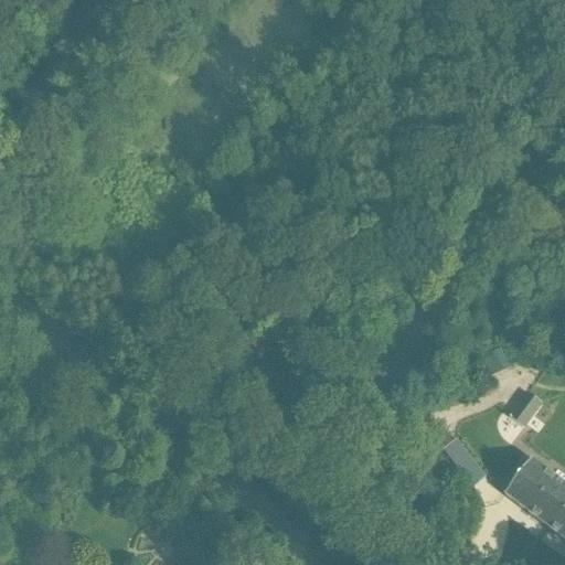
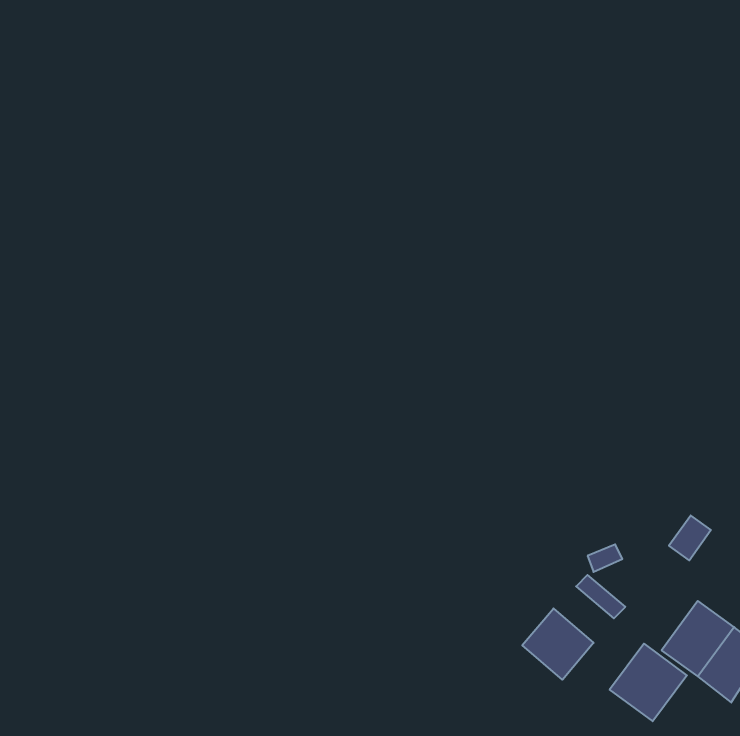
building: none -> [522,608,594,680]
building: none -> [610,644,687,721]

